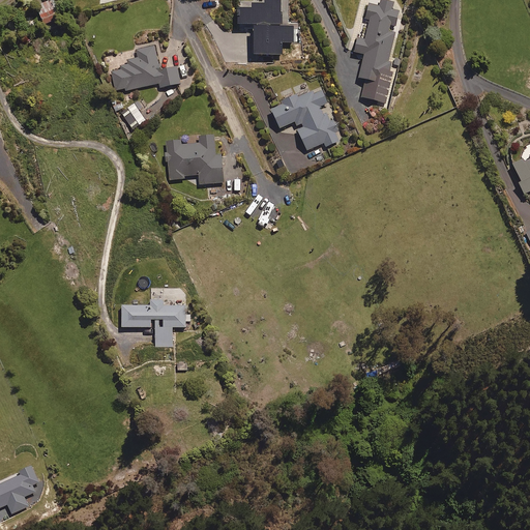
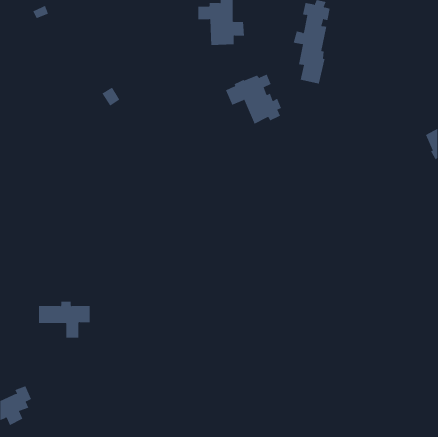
building: [111,45,181,90] -> none
building: [166,135,224,183] -> none
building: [122,300,185,345] -> [38,301,90,338]

